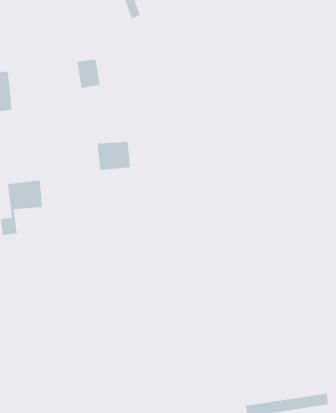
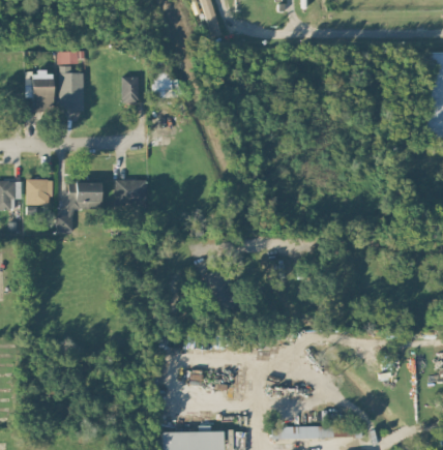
building: none -> [122,77,140,103]
building: [97,141,131,171] -> [116,179,148,207]

